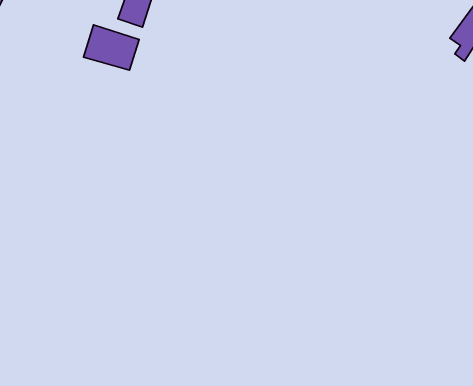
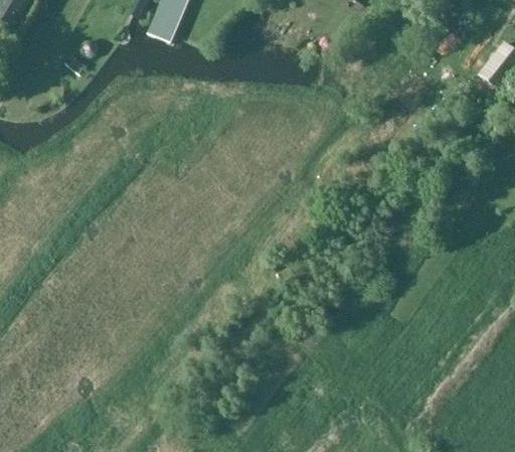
building: [84,25,139,70] -> none

